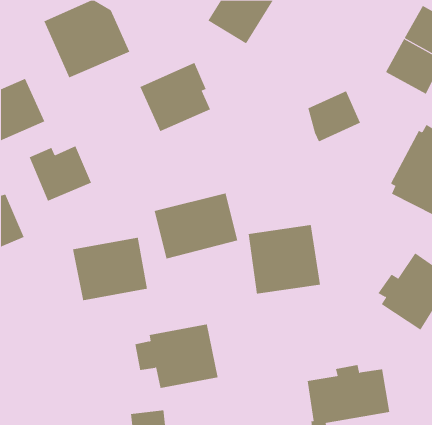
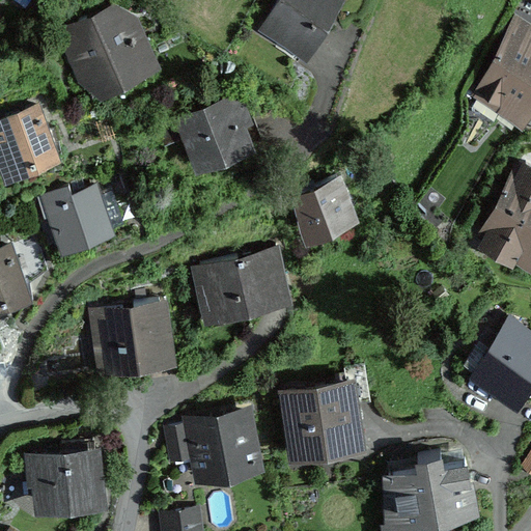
building: [307,90,361,142] -> [291,174,357,237]
building: [248,224,321,294] -> [279,382,368,467]
building: none -> [23,446,107,514]

